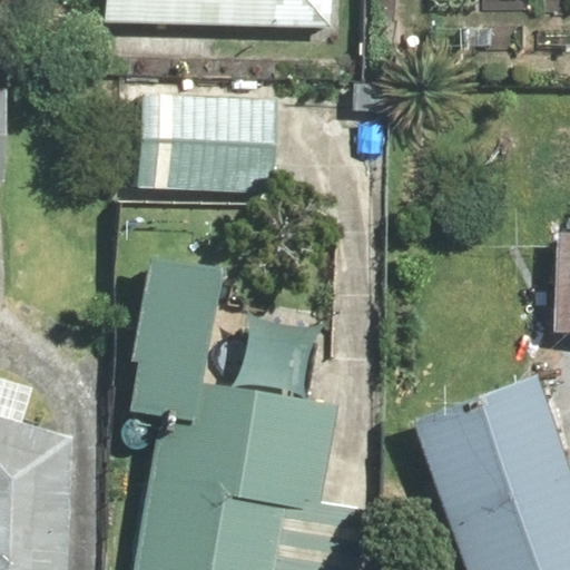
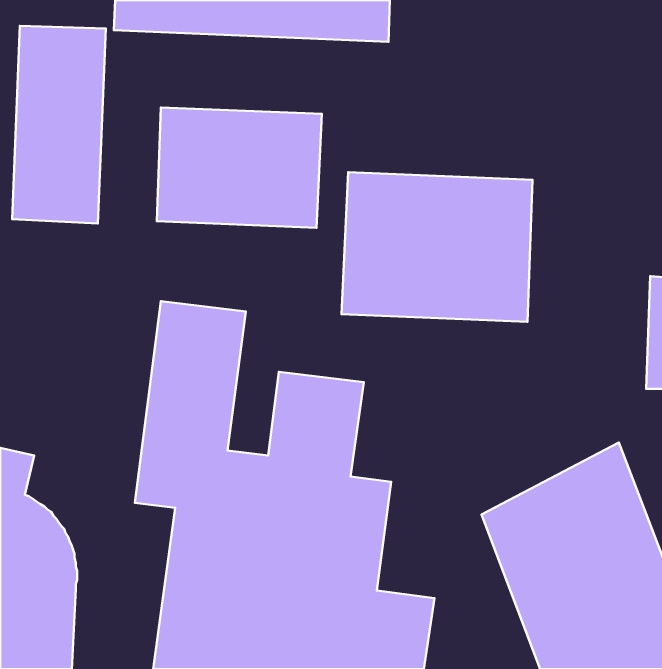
building: none -> [12,26,106,223]
building: none -> [342,172,532,322]

